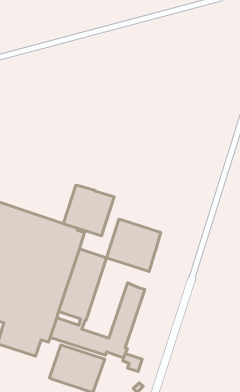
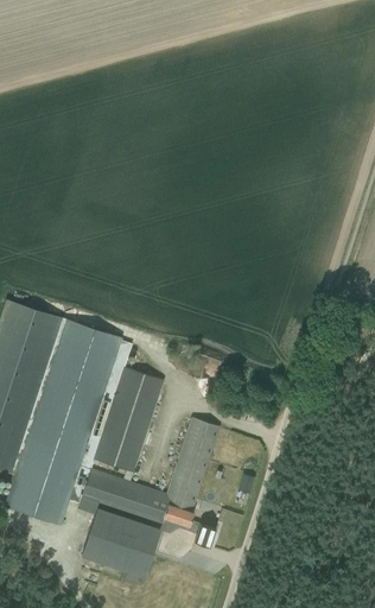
building: [64,185,114,236] -> none
building: [106,219,161,272] -> none

